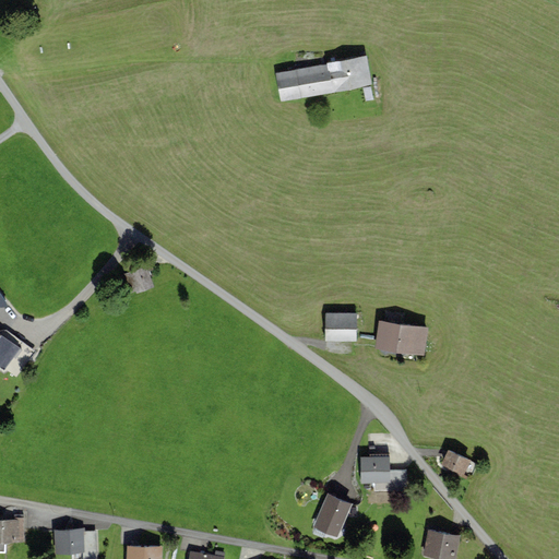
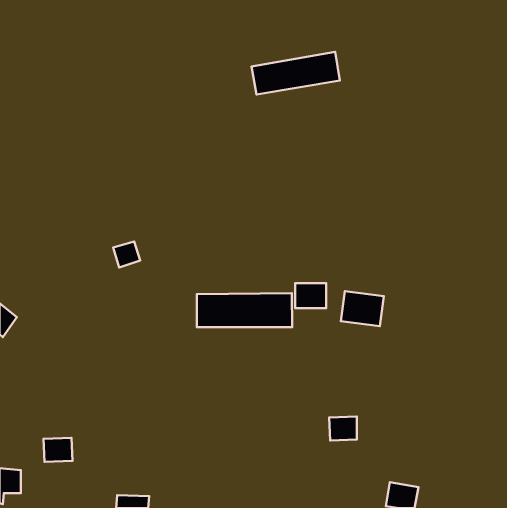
building: none -> [197,293,292,327]
building: [441,448,474,477] -> none
building: [311,491,352,537] -> none
building: [53,527,85,554] -> [44,438,72,462]

